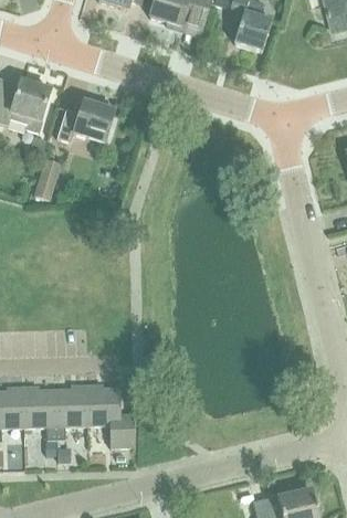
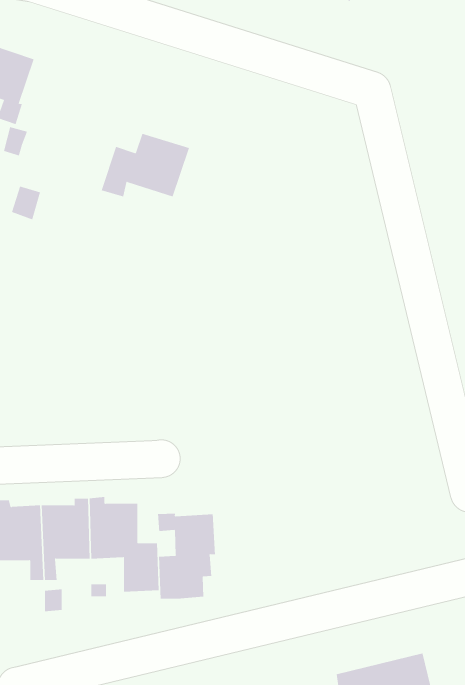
building: [55,98,115,141] -> [101,133,190,197]
building: none -> [158,513,216,600]

